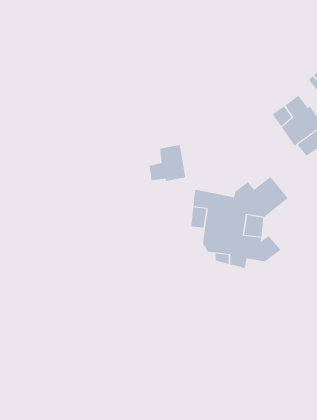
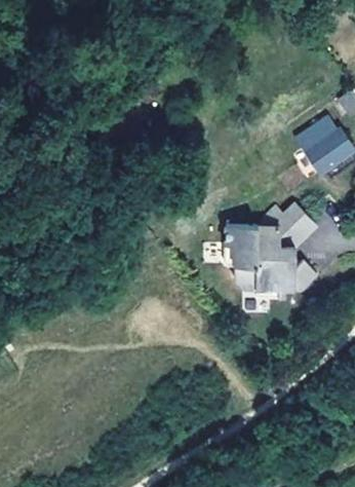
building: [149,144,186,182] -> none

